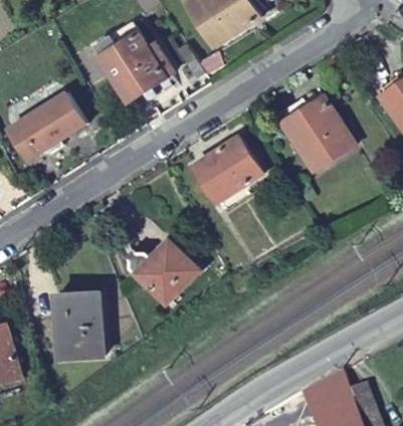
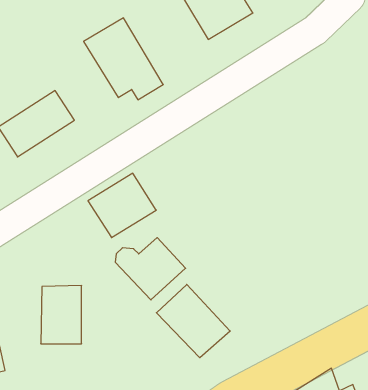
building: [282,94,353,168] -> none
building: [195,138,262,201] -> [88,173,156,238]
building: none -> [156,284,230,358]

